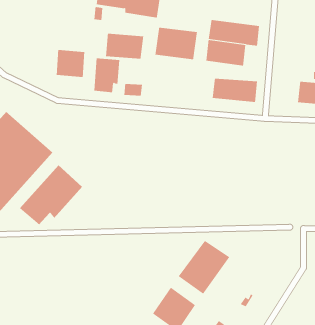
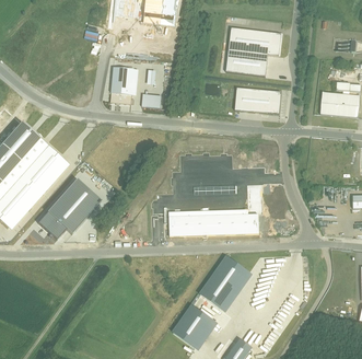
building: [155,27,197,60] -> none
building: [105,33,144,59] -> none
building: [56,49,85,78] -> none
building: none -> [170,212,259,234]

